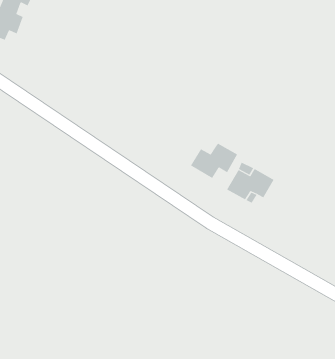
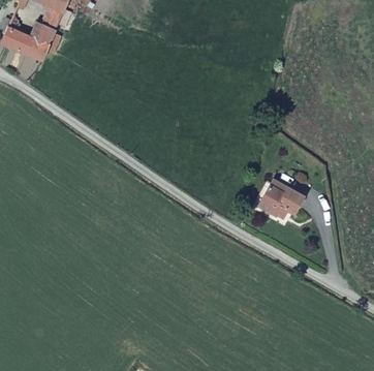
building: [190,143,238,179] -> none

